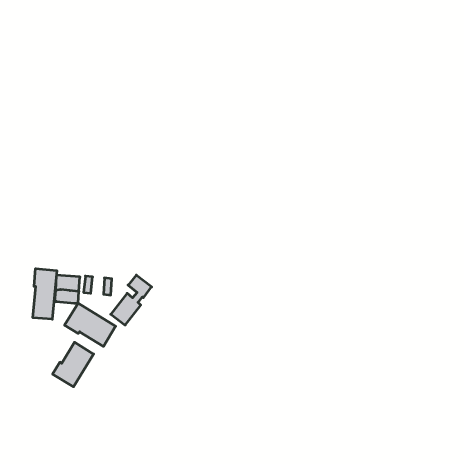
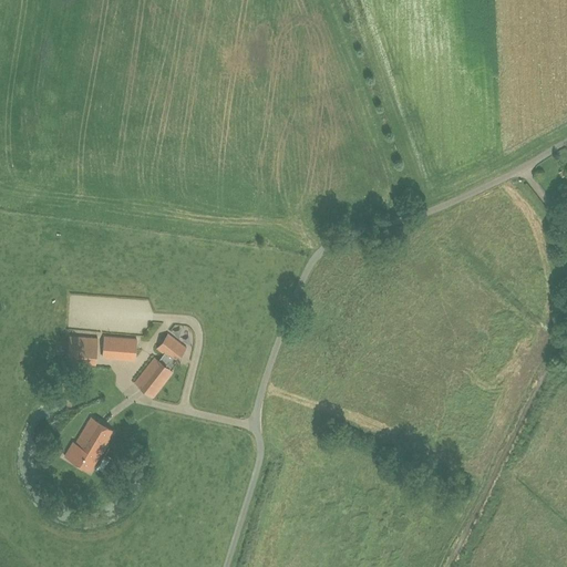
building: [33,269,57,319] -> none
building: [65,303,116,346] -> none

